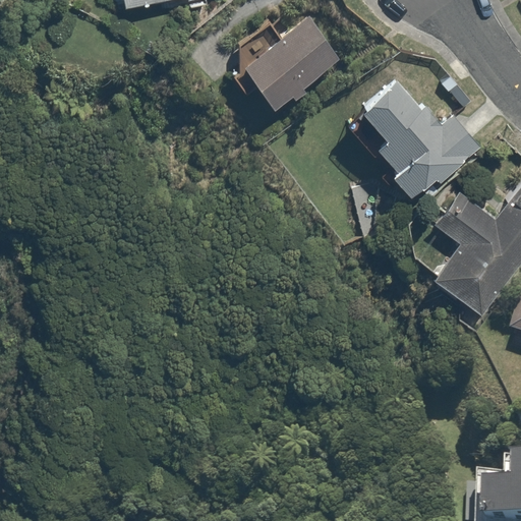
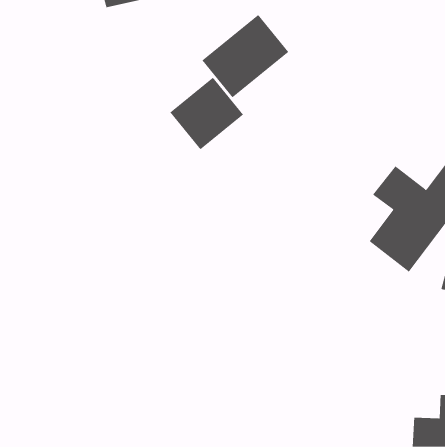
building: [352,79,485,207] -> none
building: none -> [170,77,244,150]

